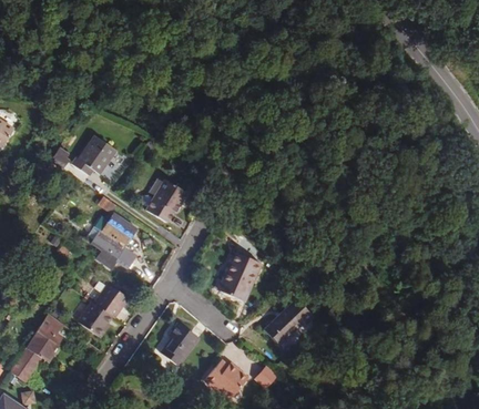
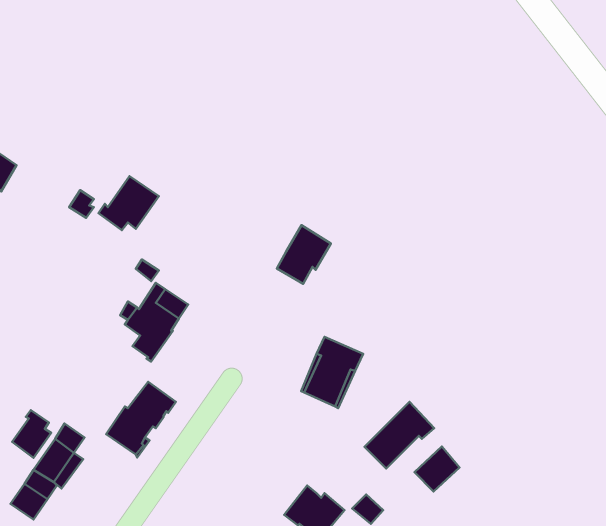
building: [147,180,186,222] -> [277,225,331,284]
building: none -> [12,410,51,458]
building: [160,323,198,366] -> none
building: none -> [415,447,460,491]

